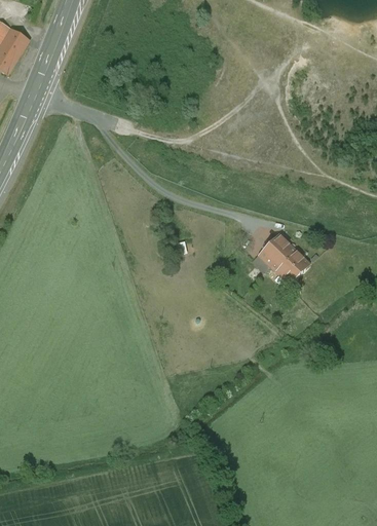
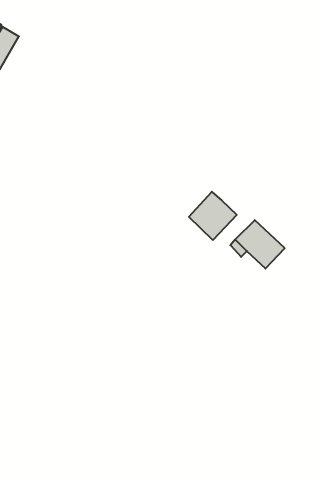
building: none -> [189,192,237,240]

